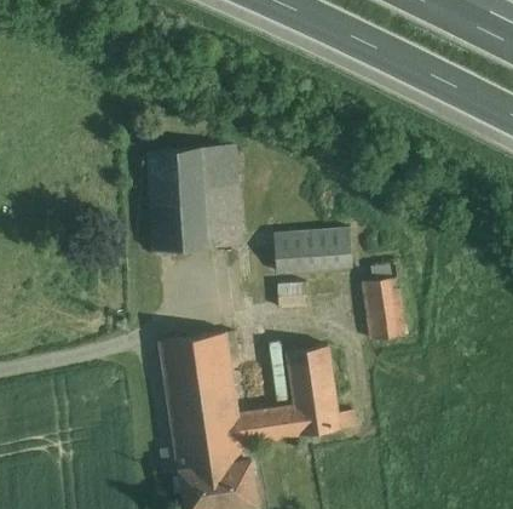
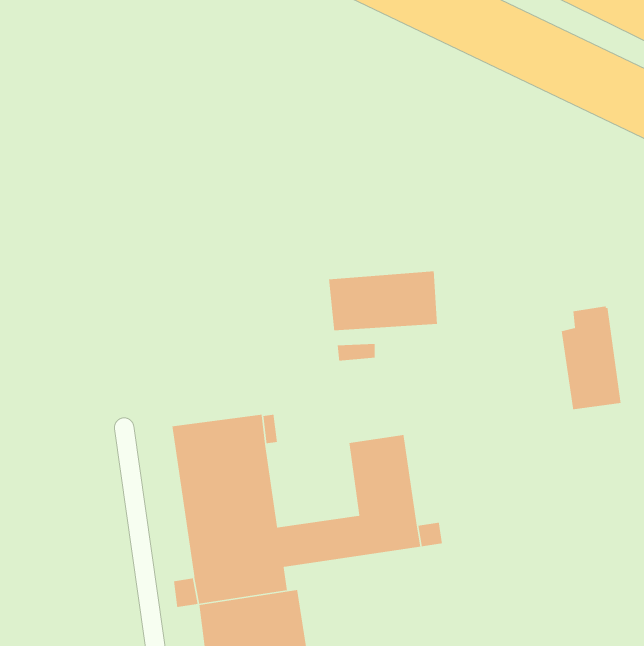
building: [146,145,238,251] -> none
building: [362,264,405,339] -> [561,306,622,410]

